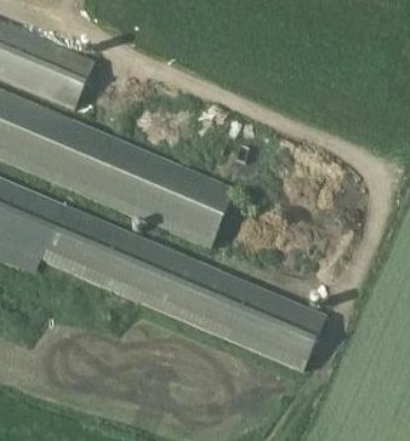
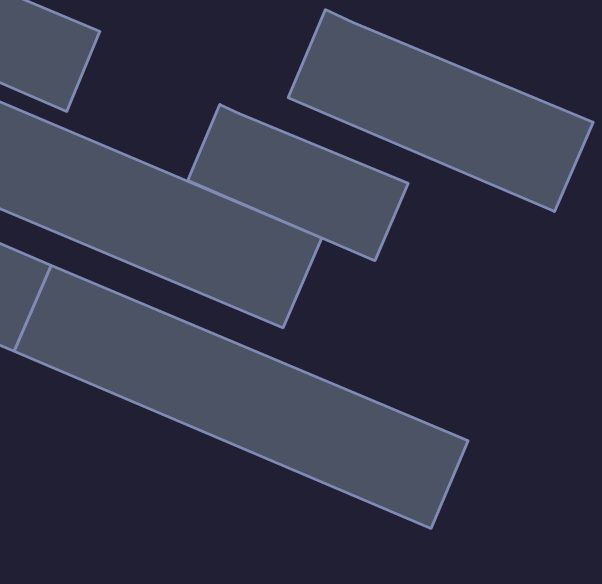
building: none -> [288,10,593,212]
building: none -> [188,104,408,261]

